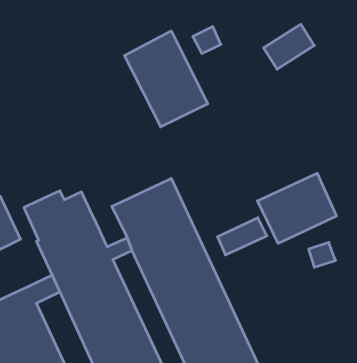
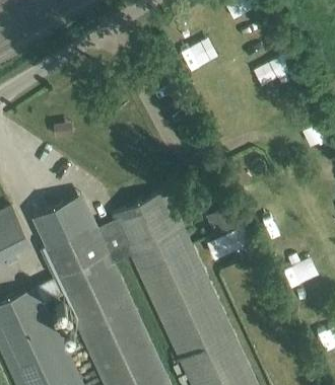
building: [124,31,208,127] -> none
building: [257,173,336,243] -> none

